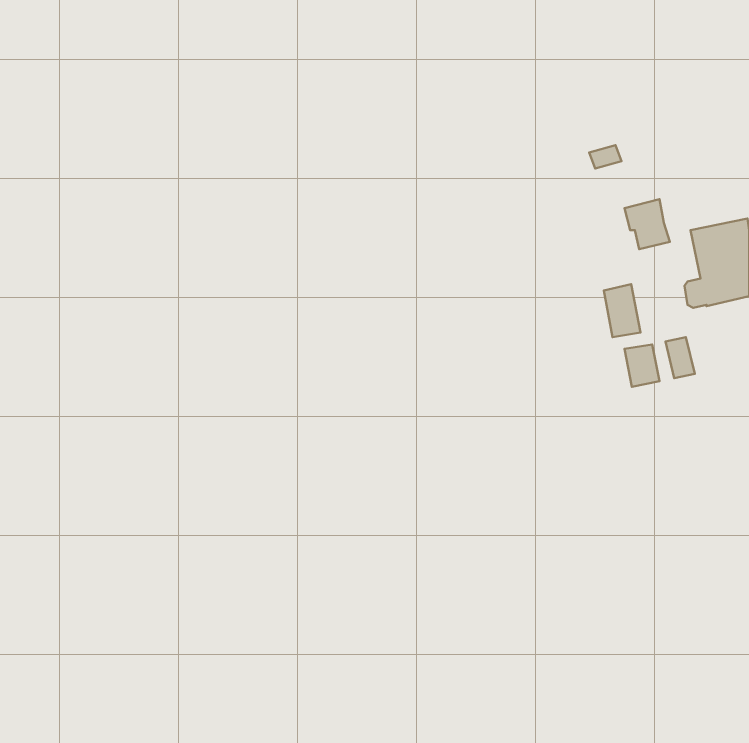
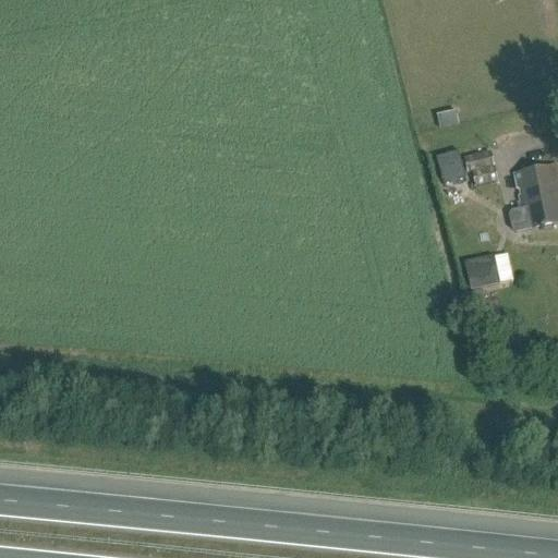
building: none -> [436,148,465,181]
building: [604,284,640,337] -> none

